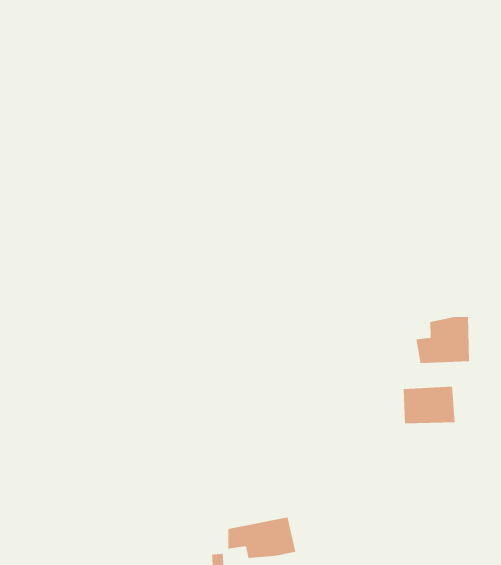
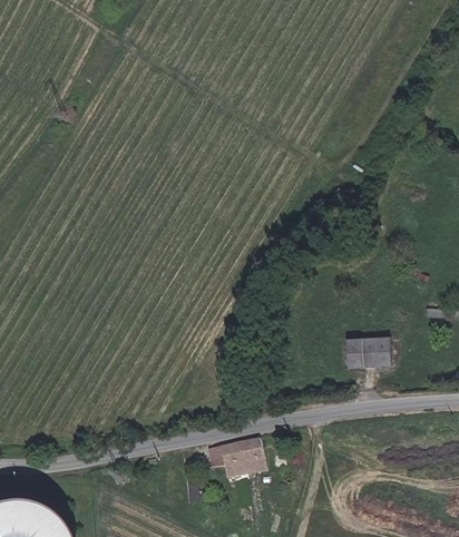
building: [416,316,469,364] -> none

